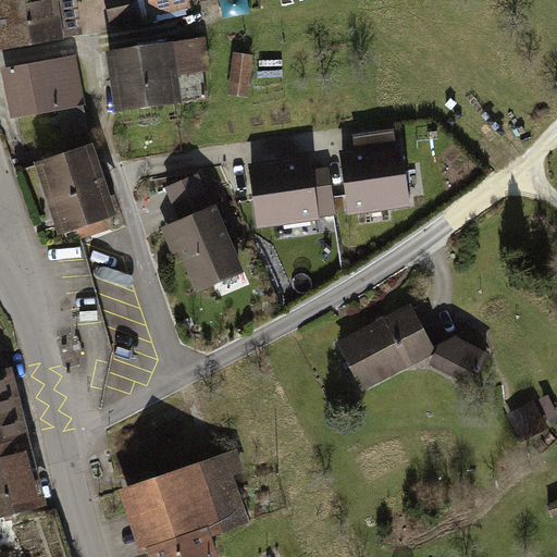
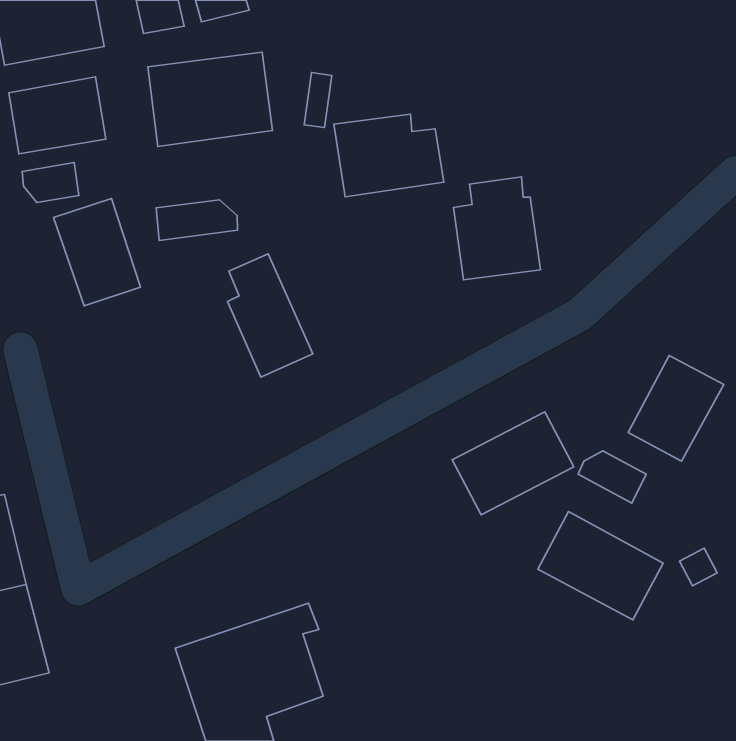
building: none -> [22,163,79,202]
building: none -> [156,200,238,240]
building: [249,161,332,223] -> [334,114,444,197]
building: none -> [628,356,724,461]
building: none -> [538,511,663,620]

